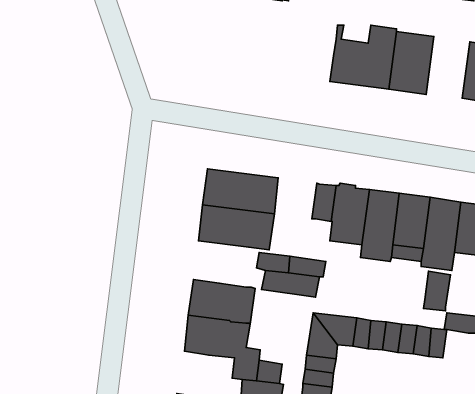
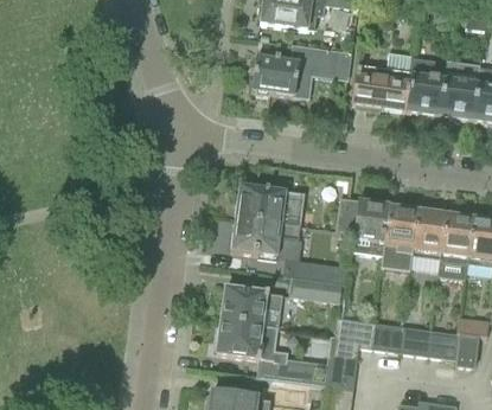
building: none -> [251,45,352,97]
building: none -> [441,60,481,120]
building: [424,271,451,311] -> [455,333,480,370]

